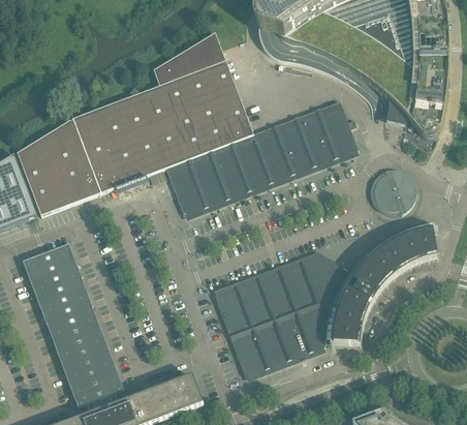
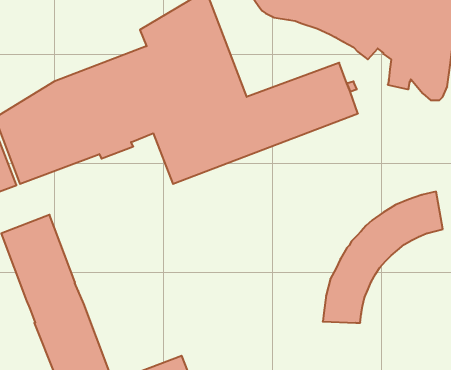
building: [369,169,414,214] -> none
building: [213,252,348,375] -> none

